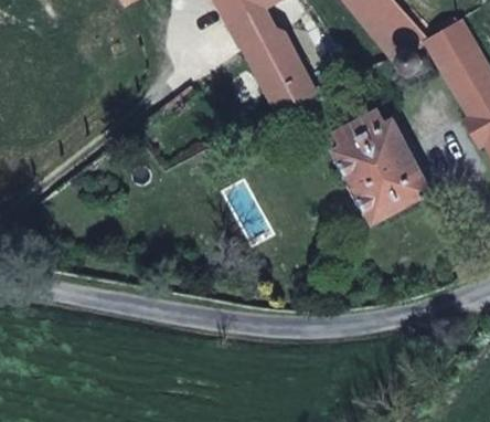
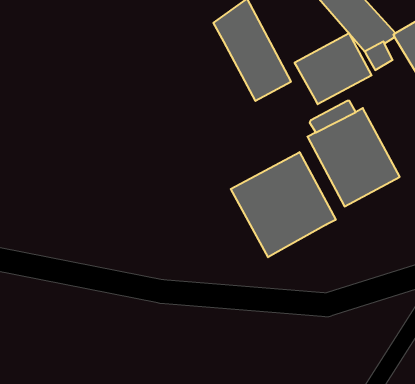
building: none -> [295,33,372,104]
building: none -> [231,152,336,257]

